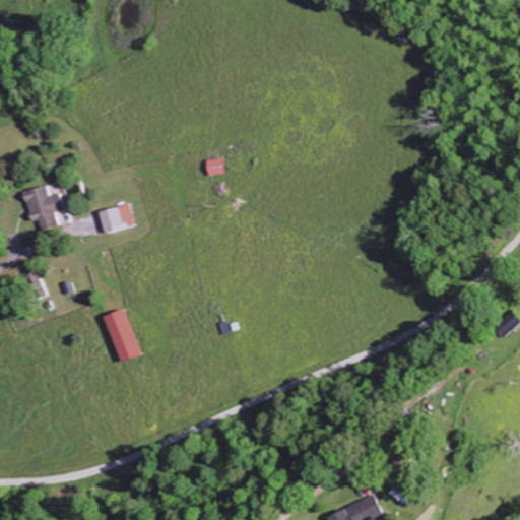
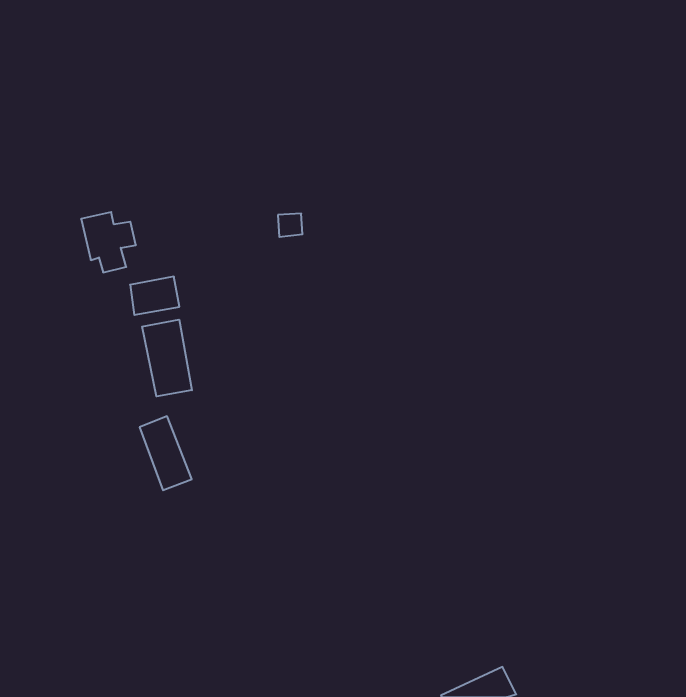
building: [23,186,64,231] -> [81,212,136,272]
building: none -> [142,320,192,396]

